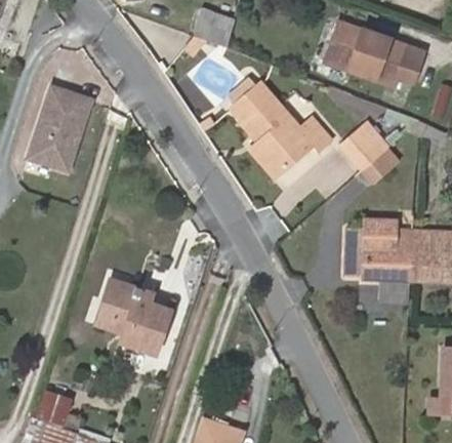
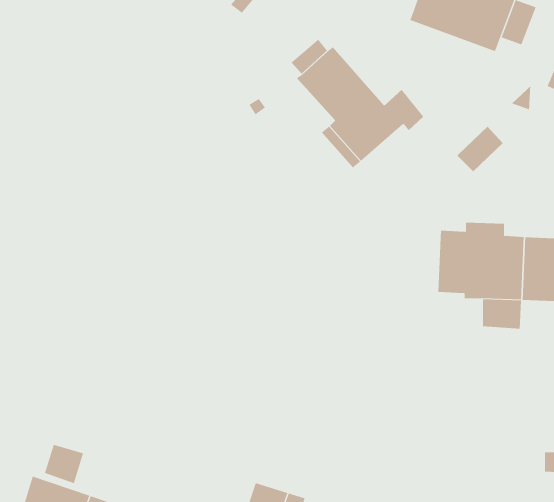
building: [30,88,91,171] -> none
building: [339,119,386,167] -> none
building: [97,280,169,353] -> none

